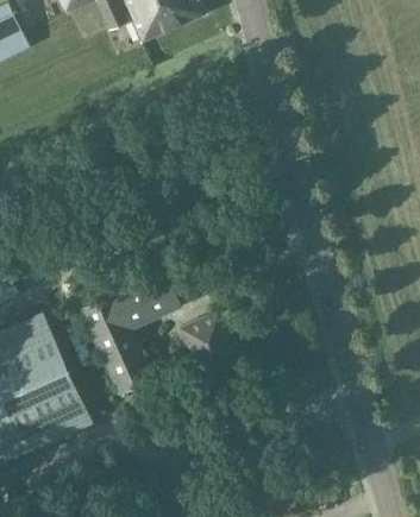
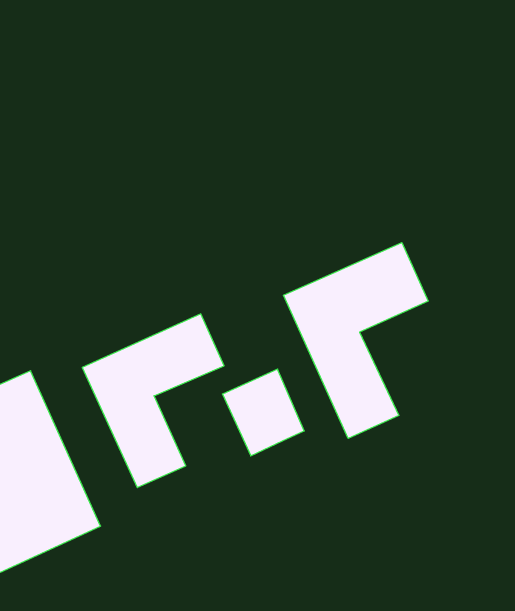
building: none -> [283,243,428,438]

